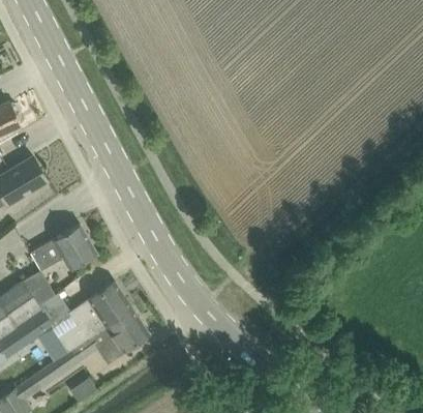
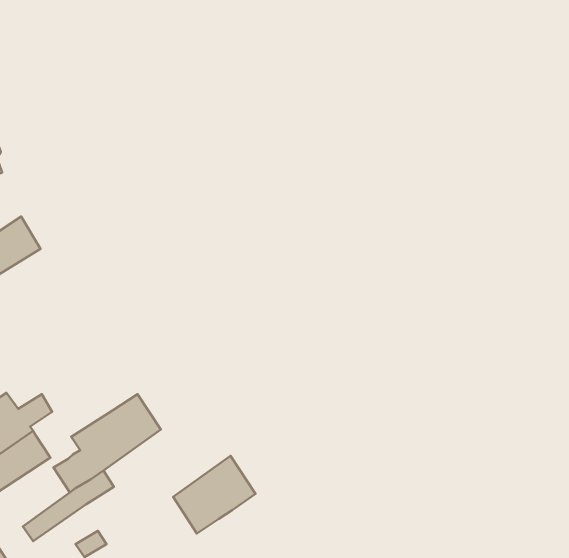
building: [30,226,96,270] -> none
building: [90,308,148,363] -> [173,456,256,534]

